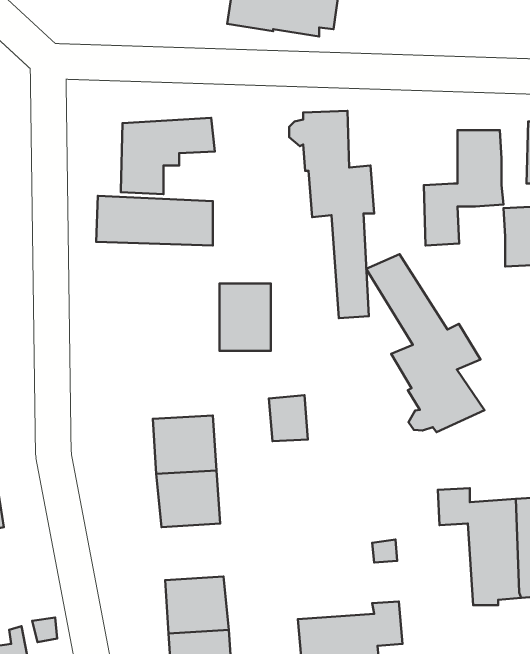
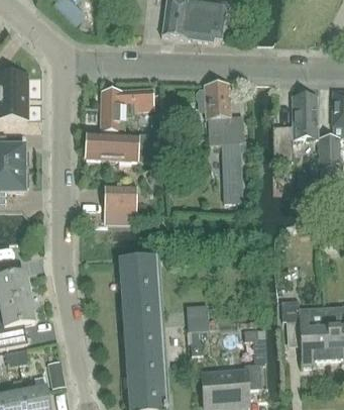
building: [366,254,485,432] -> none
building: [220,283,271,351] -> [106,184,135,222]
building: [269,395,308,441] -> [187,304,209,330]
building: none -> [124,319,159,351]

